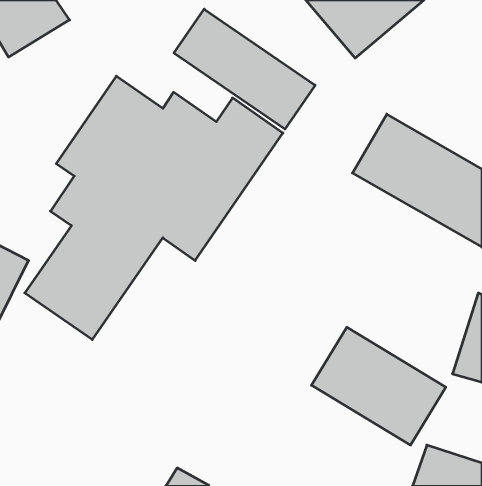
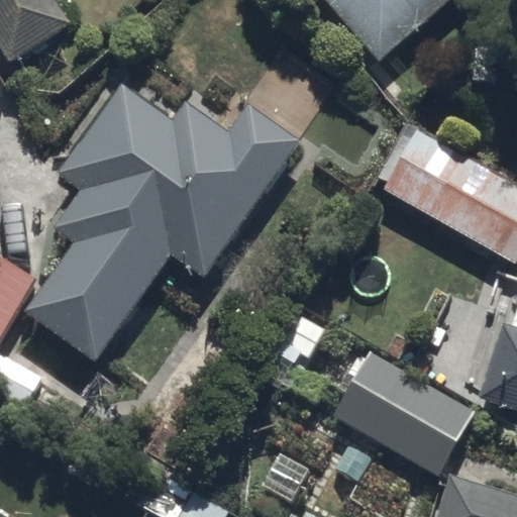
building: [174,9,315,129] -> none

